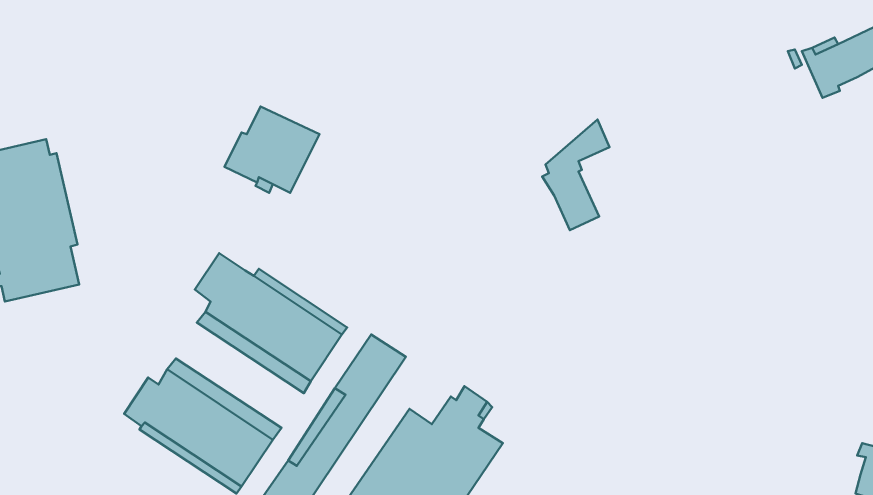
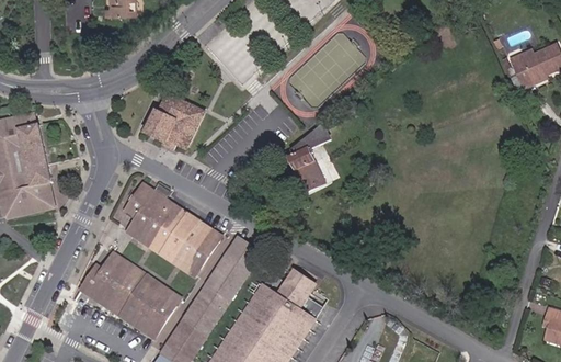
building: [542,120,609,230] -> [287,122,330,192]

